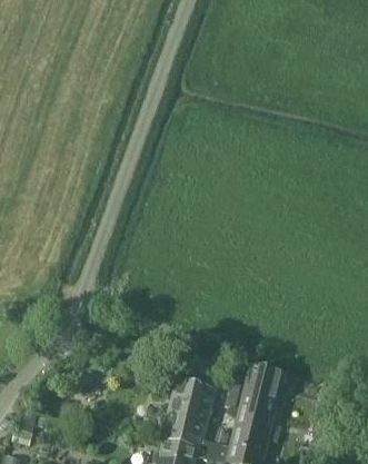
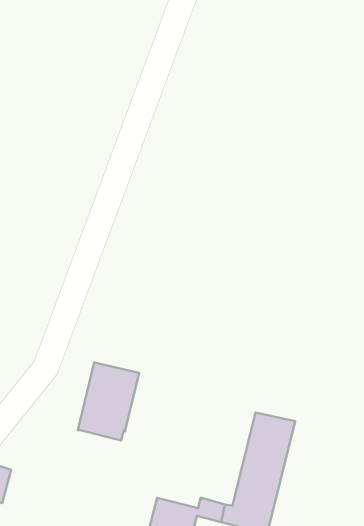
building: [161,379,215,447] -> [78,362,139,440]

